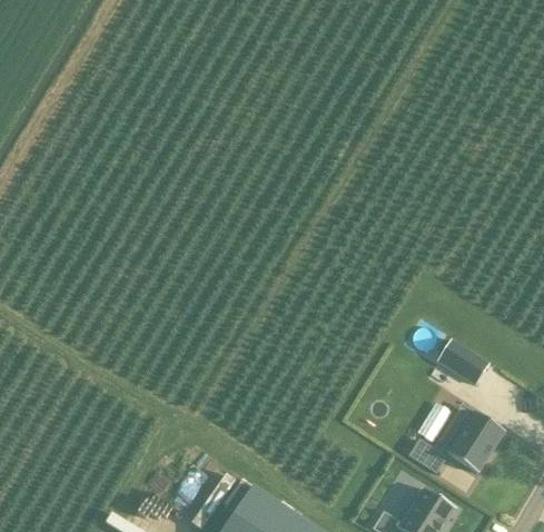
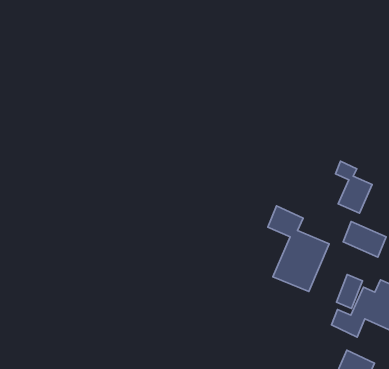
building: none -> [335,161,372,213]
building: none -> [268,206,329,292]

